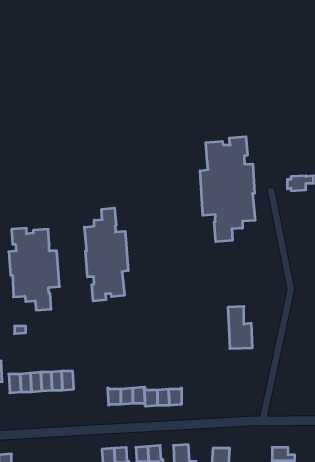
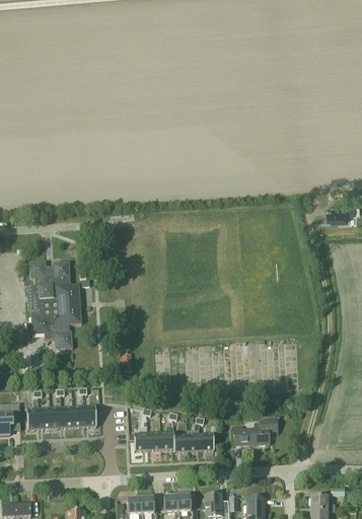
building: [200,137,255,242] -> none
building: [84,208,128,301] -> none
building: none -> [234,418,279,445]

